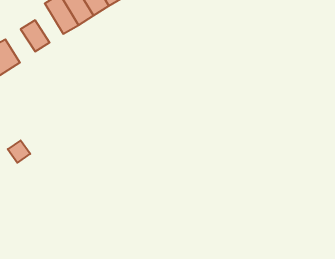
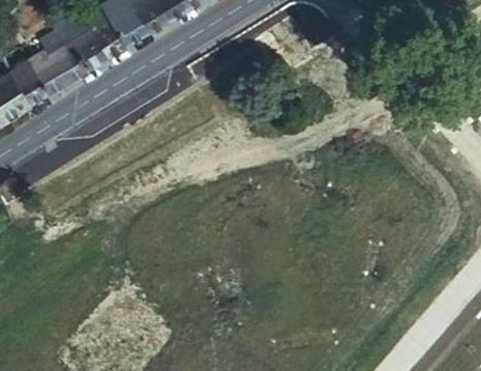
building: none -> [41,24,83,75]
building: none -> [8,57,47,101]

